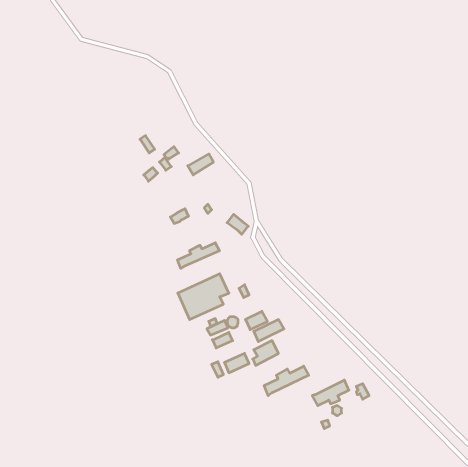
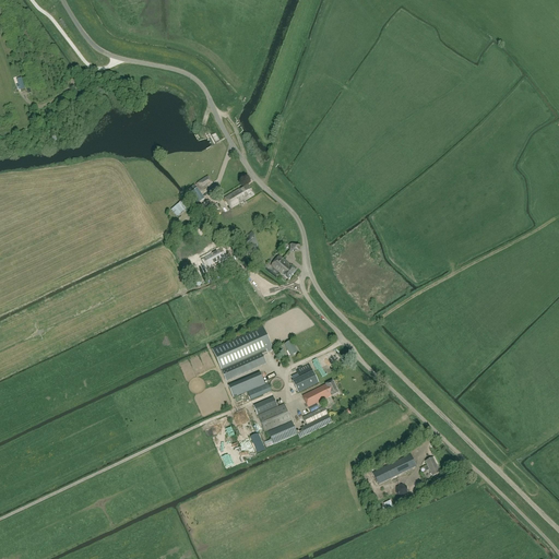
building: [178,243,219,268] -> none
building: none -> [258,403,292,431]
building: [264,366,309,396] -> none

